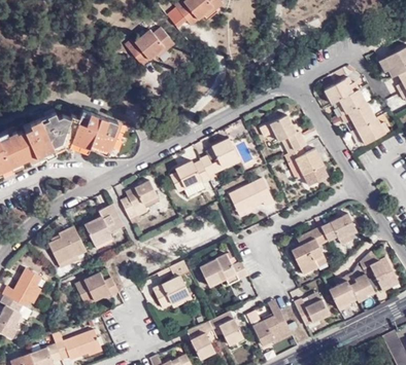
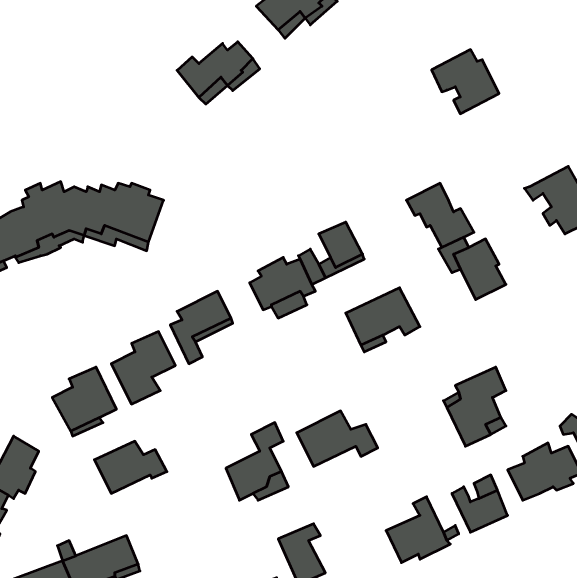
building: [324,77,365,116] -> [432,50,499,114]
building: [320,214,354,245] -> none
building: [209,312,243,345] -> none

